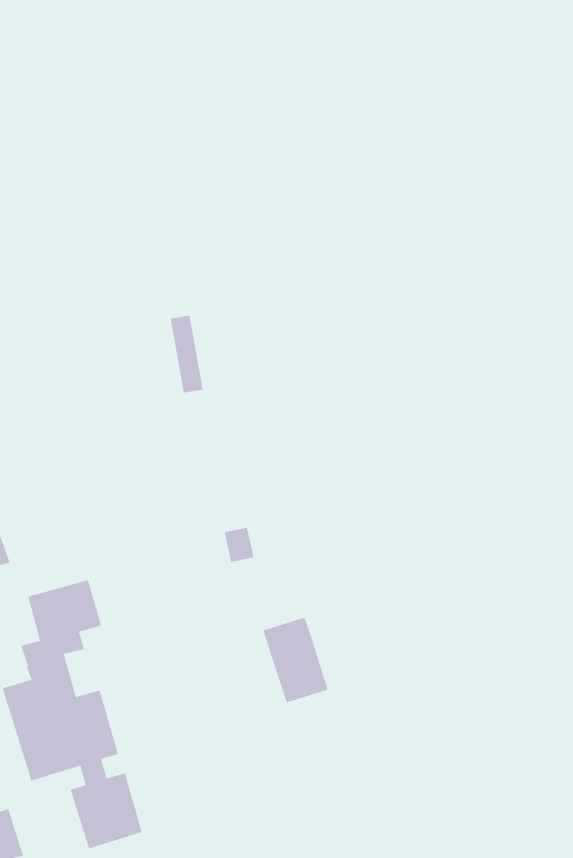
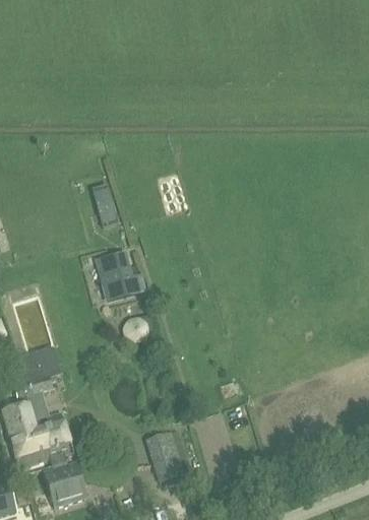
building: none -> [96,252,147,303]
building: [262,617,328,703] -> [146,433,186,484]

